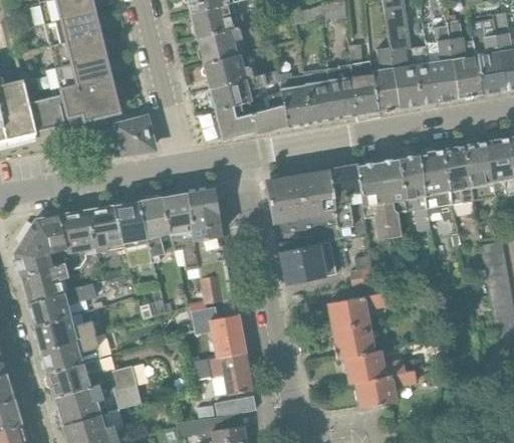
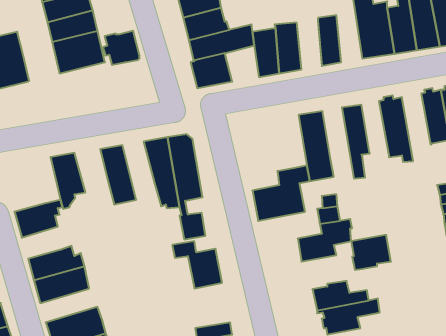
building: [370,48,399,112] -> none
building: [327,66,354,120] -> none
building: [249,93,286,133] -> none
building: [29,94,69,132] -> none
building: [113,118,154,155] -> [103,31,140,65]
building: [442,144,473,219] -> none
building: [398,154,431,232] -> none
building: [355,161,390,240] -> none
building: [266,169,338,236] -> none
building: [138,198,173,263] -> none
building: [85,206,122,253] -> none
building: [14,215,70,274] -> none
building: [28,283,97,325] -> none
building: [332,321,375,360] -> [351,235,391,270]
building: [198,352,253,396] -> none
building: [46,359,133,395] -> none

